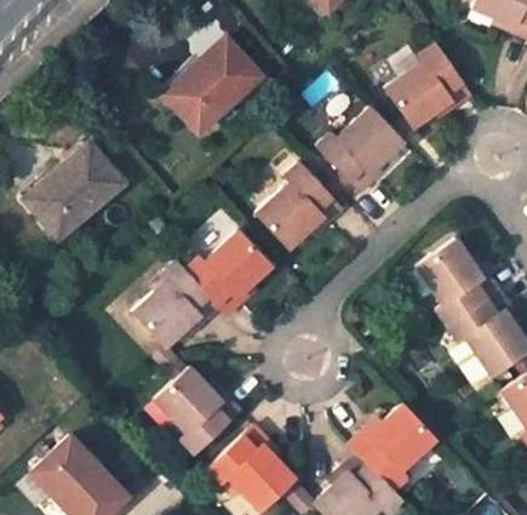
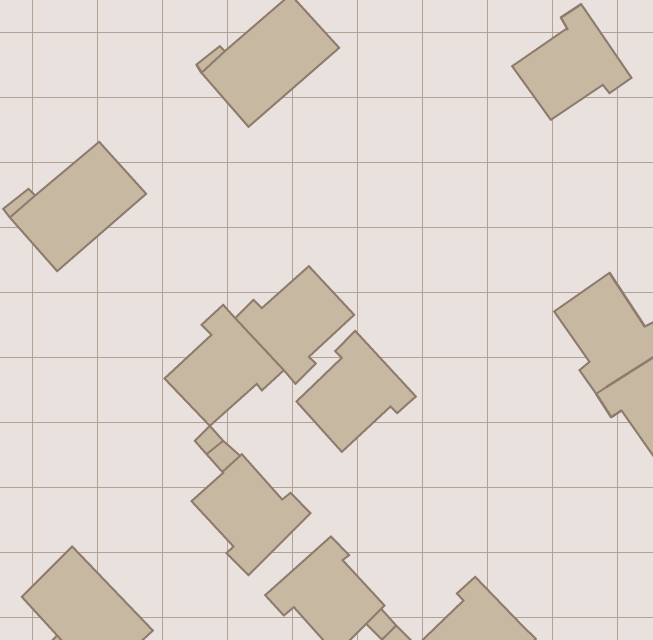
building: [319,105,406,193] -> none
building: [257,162,343,250] -> [296,331,416,452]
building: [349,404,437,493] -> none

